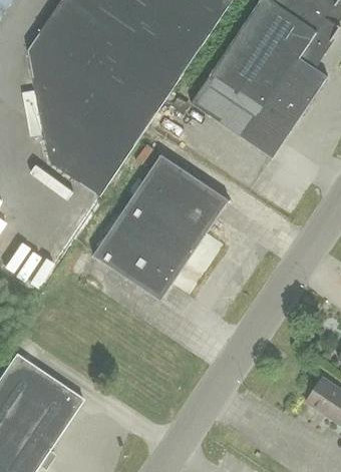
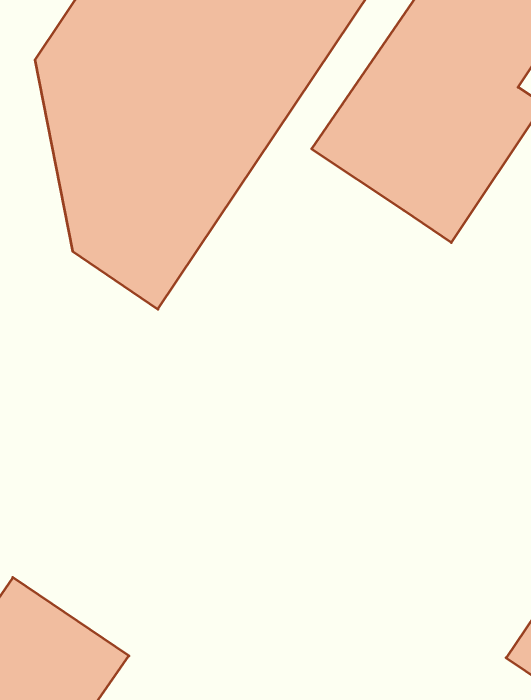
building: [92,153,228,300] -> none

